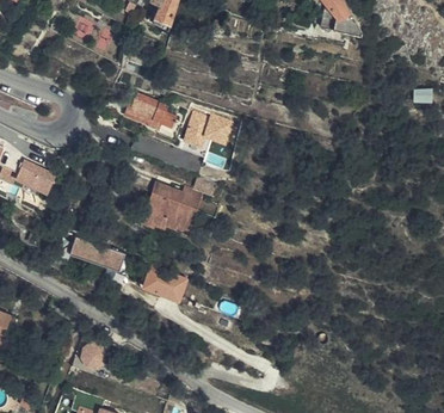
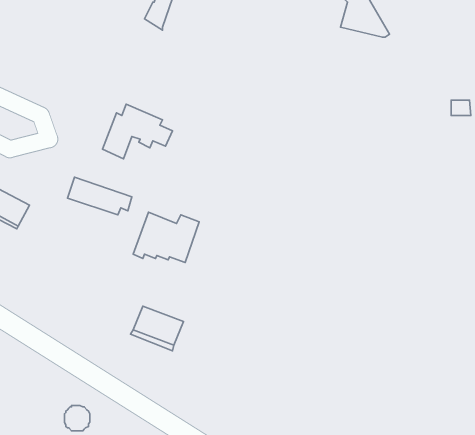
building: [183,109,233,149] -> none
building: [69,234,124,266] -> [68,177,132,215]

